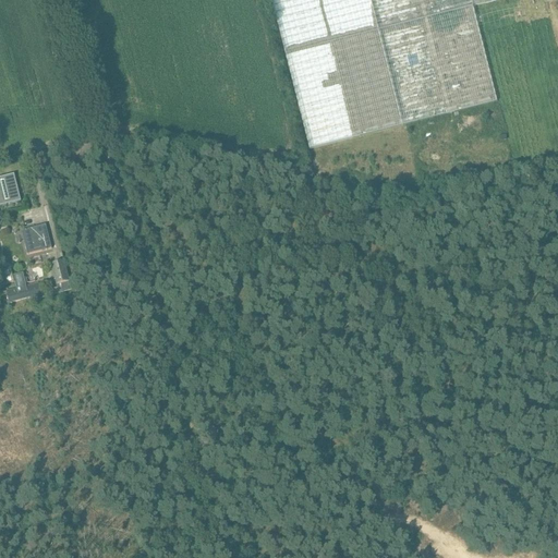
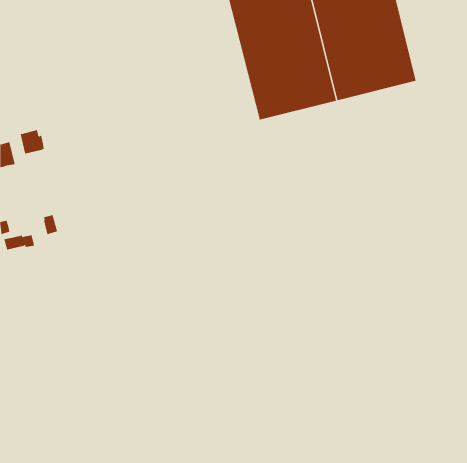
building: [21,219,50,248] -> [20,130,45,154]

